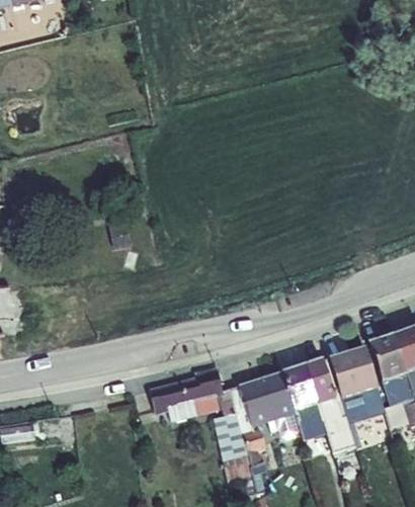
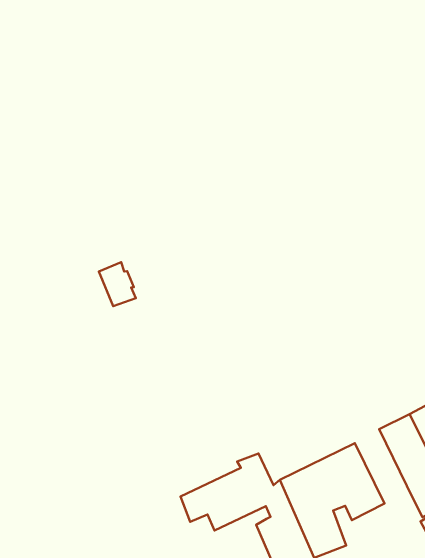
building: [279,367,316,428] -> none

